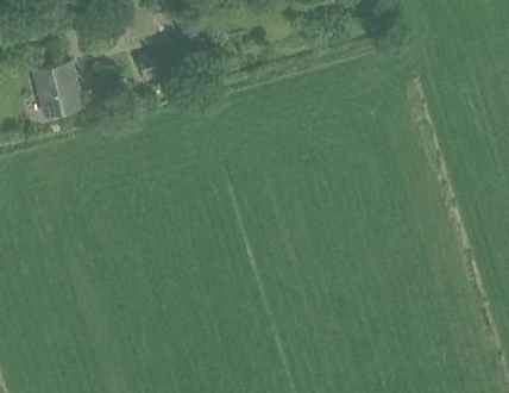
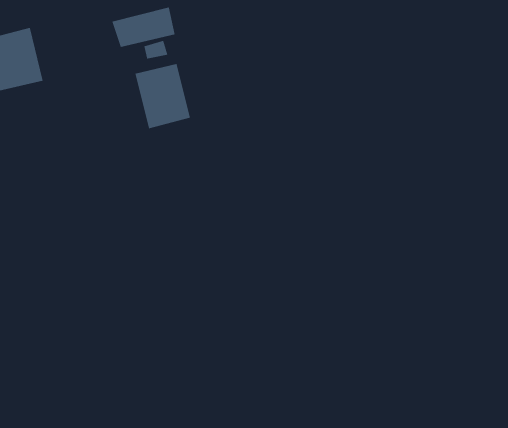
building: none -> [135,63,190,129]

